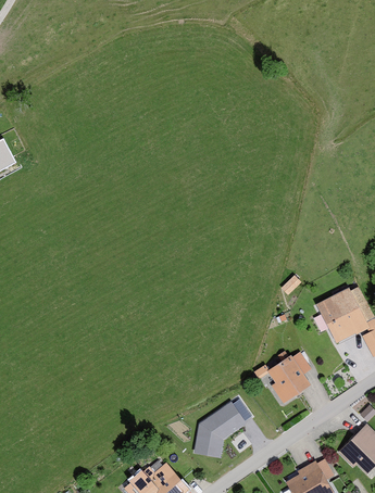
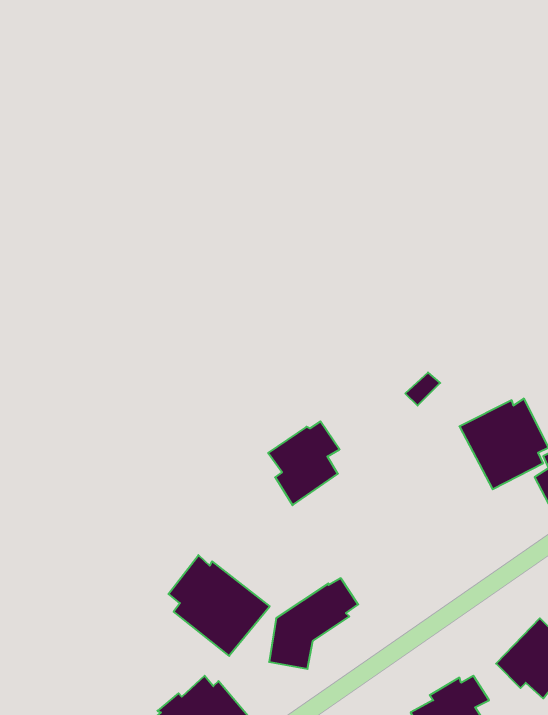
building: [265,352,310,404] -> [268,421,340,505]
building: none -> [168,555,270,656]

